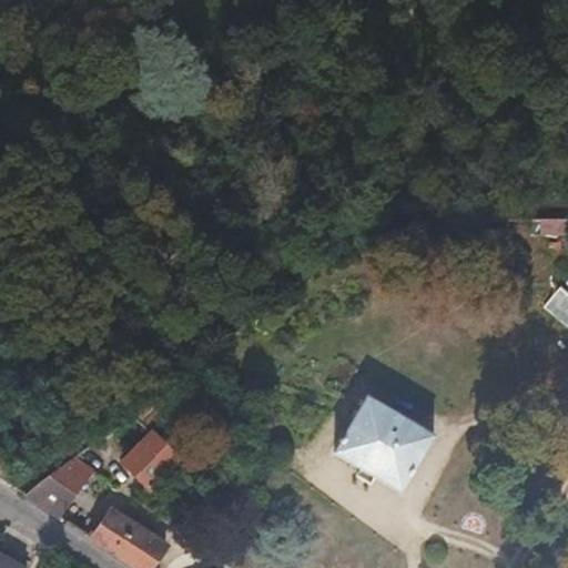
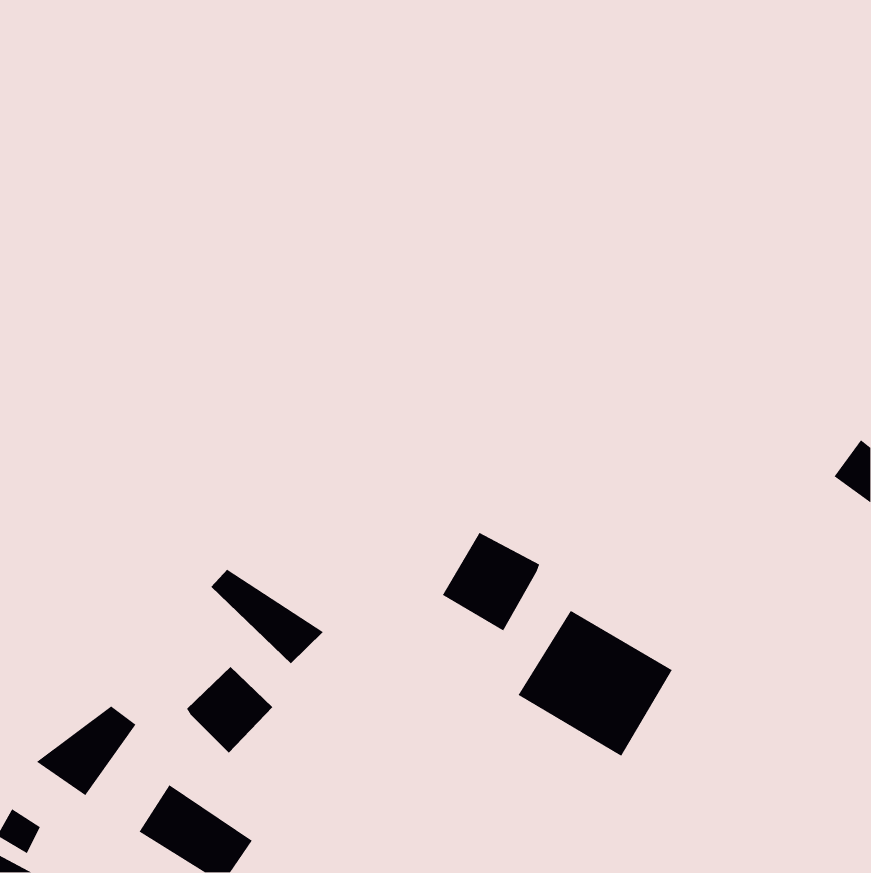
building: none -> [442,532,540,631]
building: none -> [211,569,324,664]

